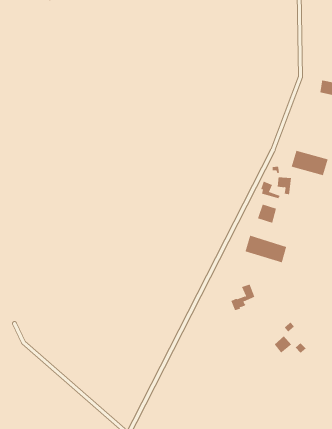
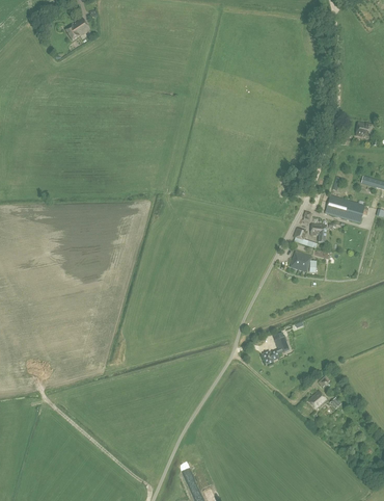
building: [245,235,287,263] -> none

